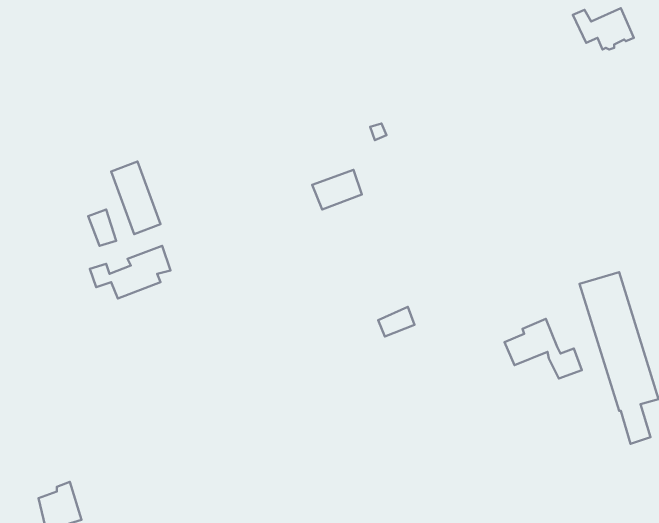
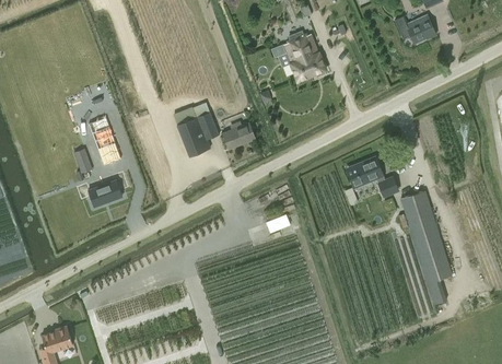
building: none -> [271,31,326,81]
building: none -> [176,102,219,157]
building: [504,319,582,378] -> [348,156,399,196]

